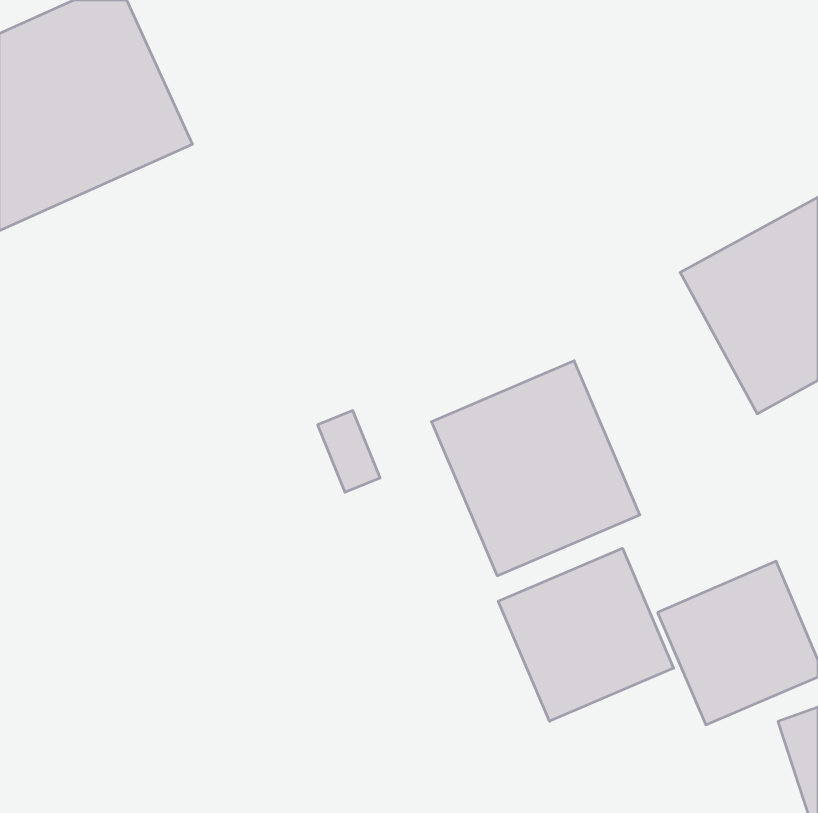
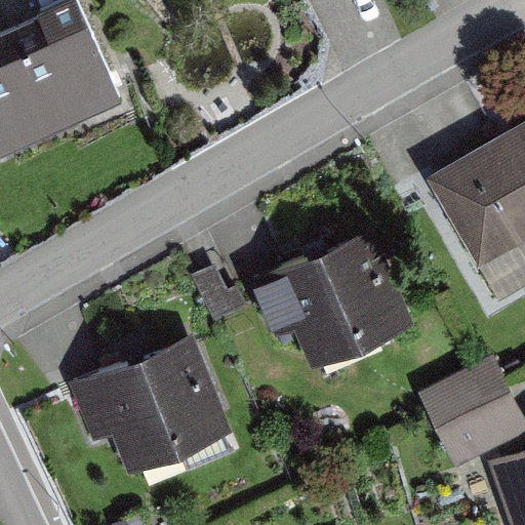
building: none -> [75,342,225,471]
building: [498,548,674,721] -> none

